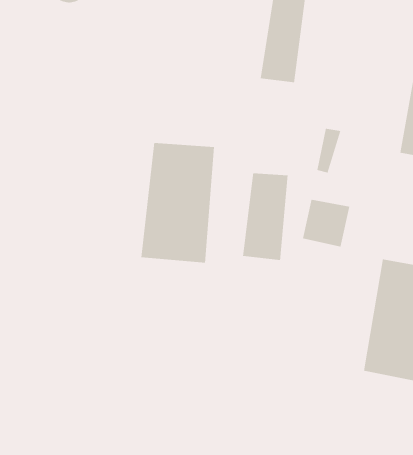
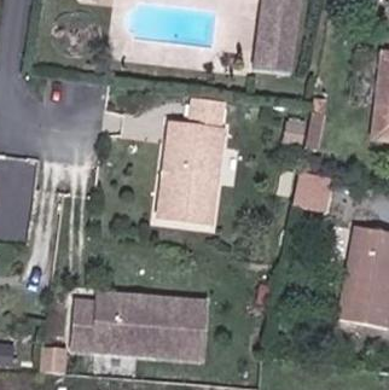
building: [243,172,288,261] -> none
building: none -> [69,296,203,360]

